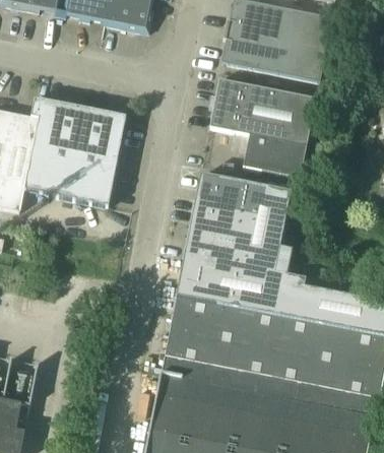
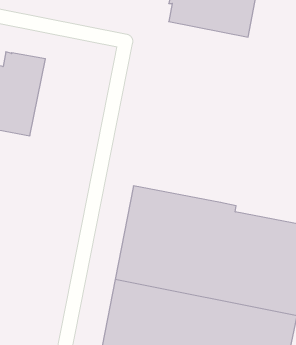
building: [210,79,316,179] -> none
building: [63,107,127,206] -> none
building: [185,175,292,275] -> none

